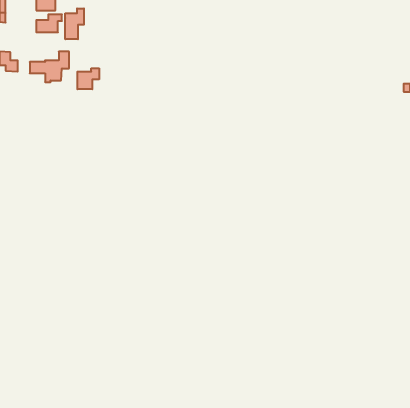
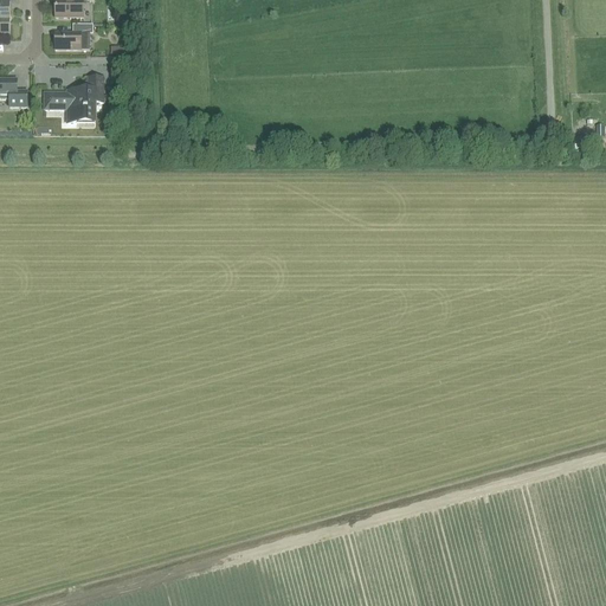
building: [65,8,84,39] -> none
building: [77,68,99,89] -> none

